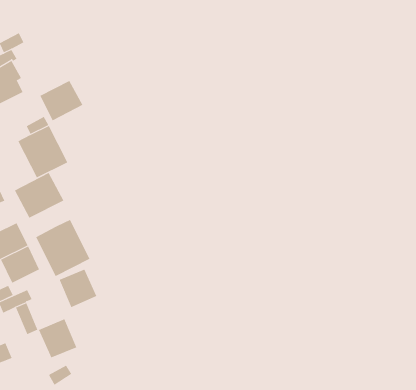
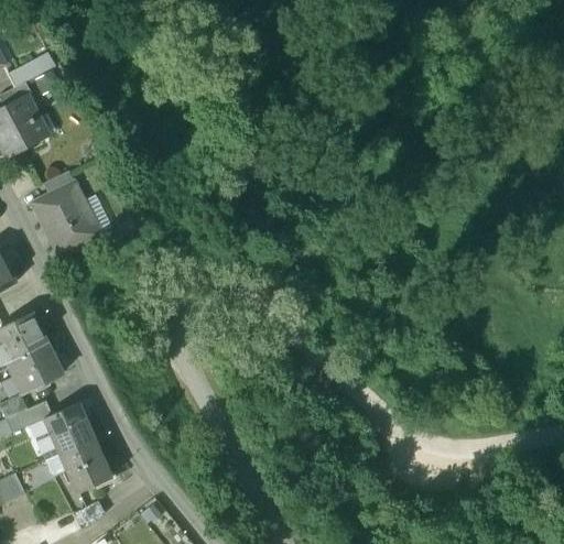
building: [39,80,83,121] -> none
building: [14,172,64,219] -> none
building: [36,219,90,277] -> none
building: [59,269,97,308] -> [44,403,95,455]

